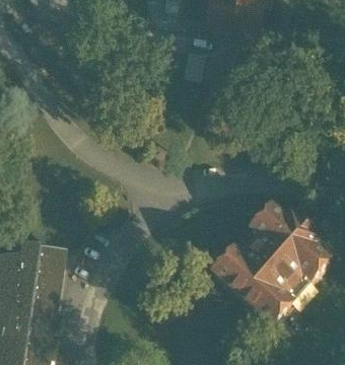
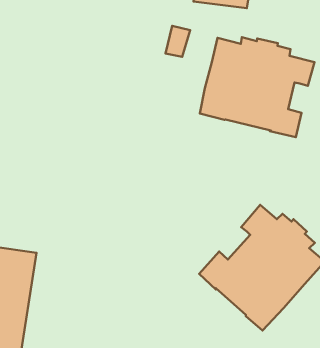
building: none -> [200,37,314,137]

